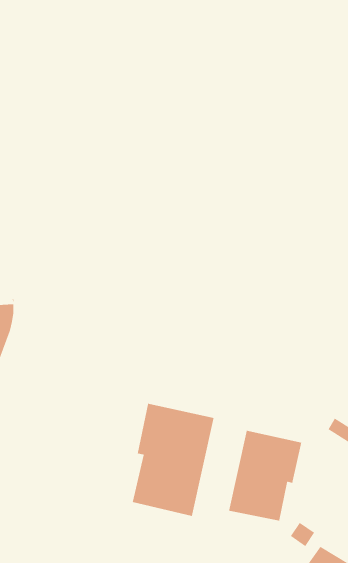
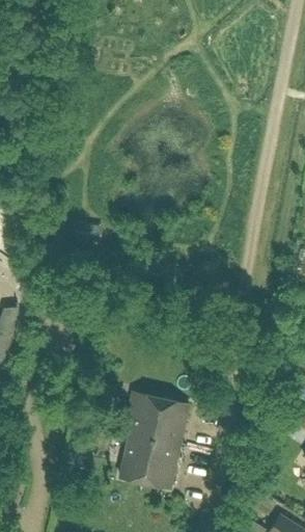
building: [228,430,302,521] -> none

